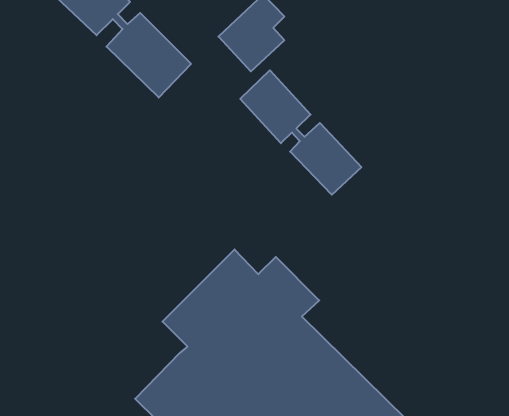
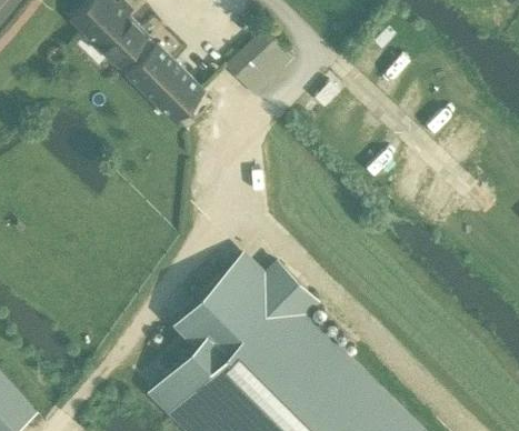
building: [240,70,361,195] -> none

